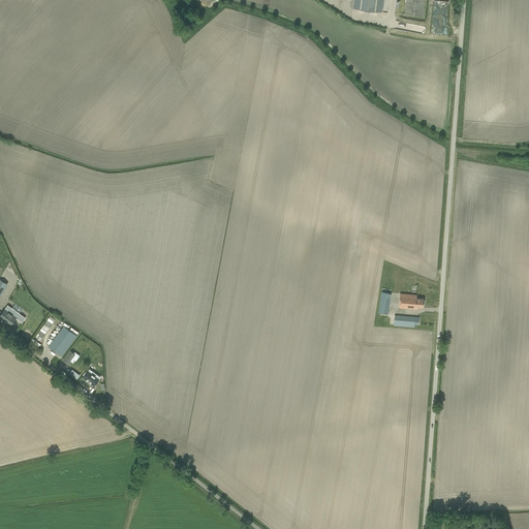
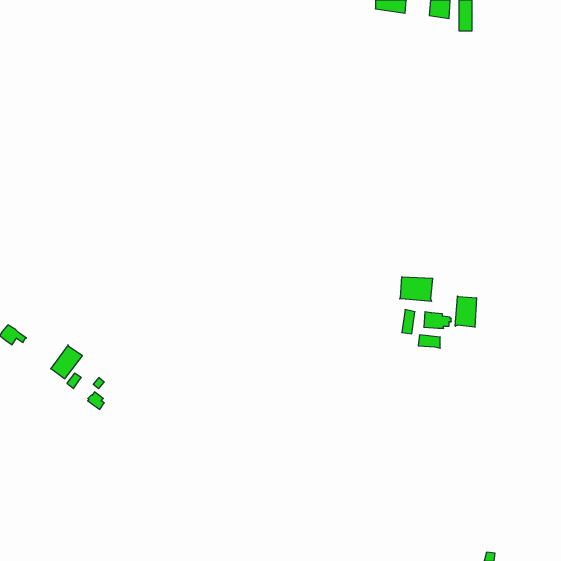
building: none -> [400,277,433,301]
building: none -> [455,296,476,327]

